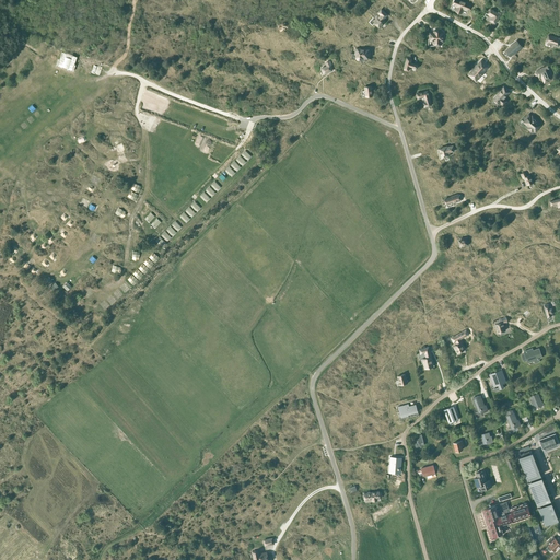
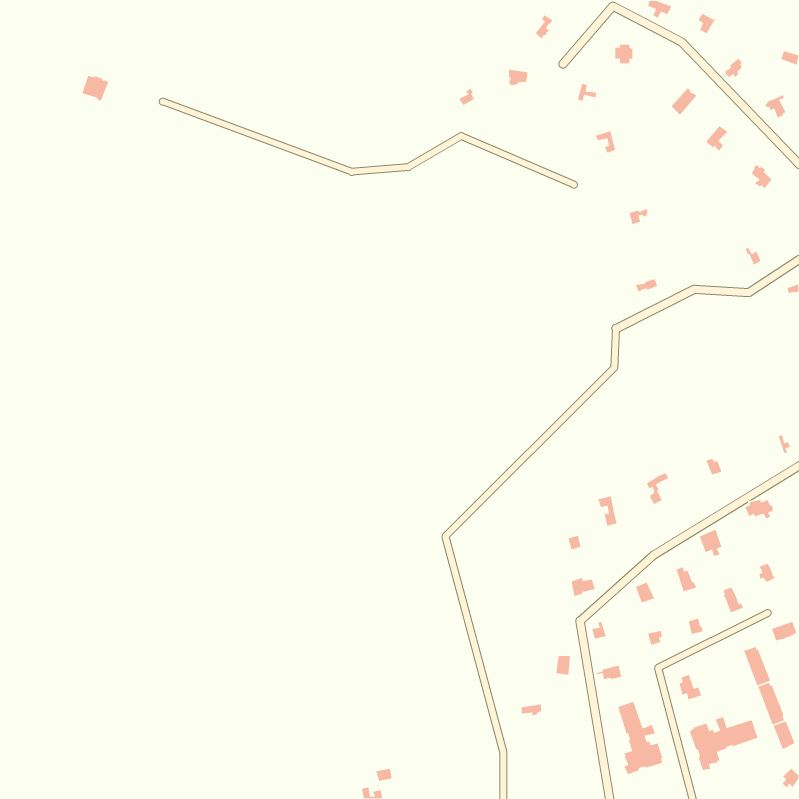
building: none -> [617,701,663,775]

